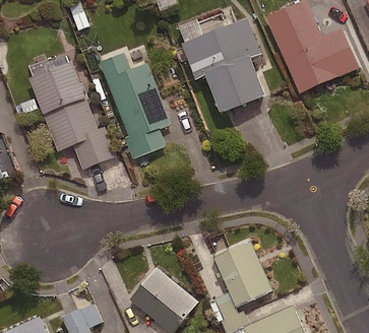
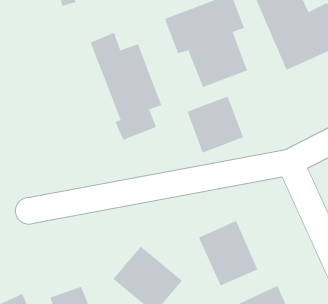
building: [34,66,120,173] -> none
building: none -> [187,96,244,153]

